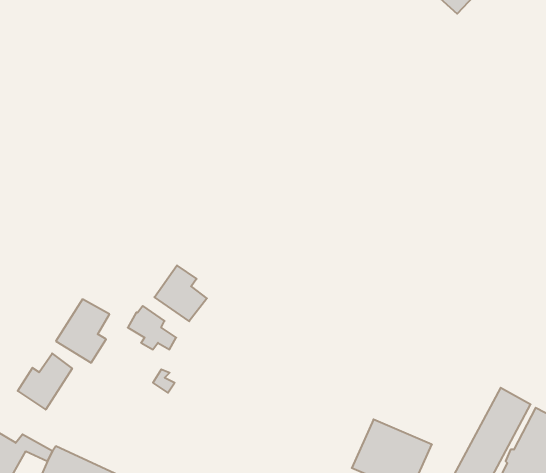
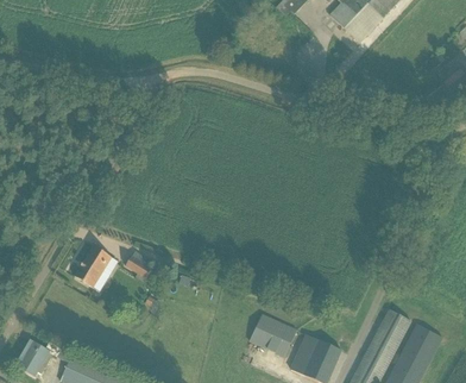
building: [154,265,207,321] -> none
building: [18,353,72,410] -> none
building: none -> [248,314,297,357]

